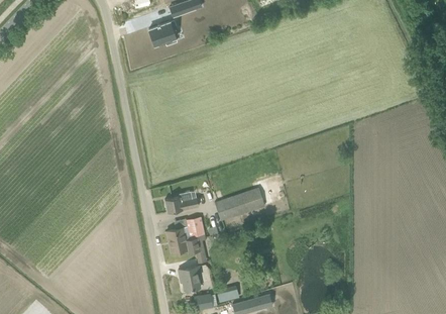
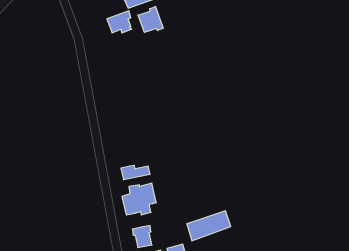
building: none -> [138,6,163,32]
building: [215,187,265,221] -> [187,211,231,241]

